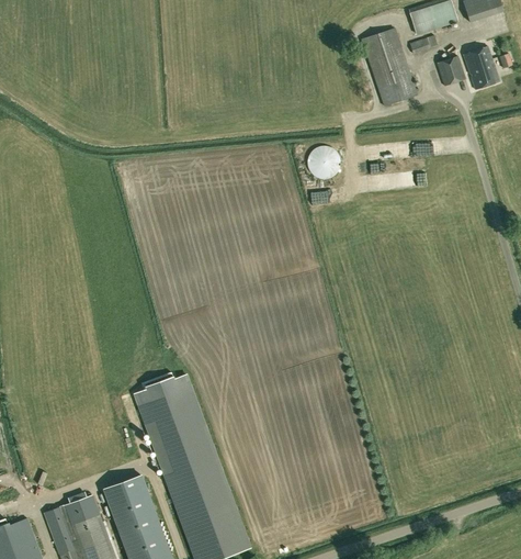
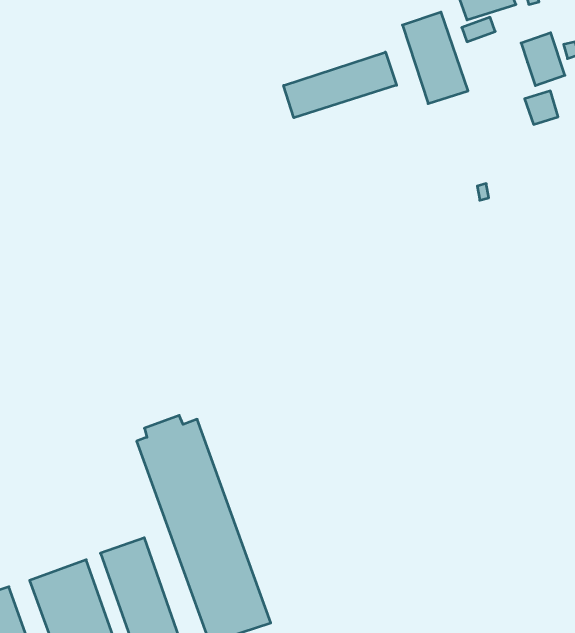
building: [437,57,465,86] -> [525,91,558,124]
building: none -> [284,52,397,118]
building: [306,146,340,180] -> none

